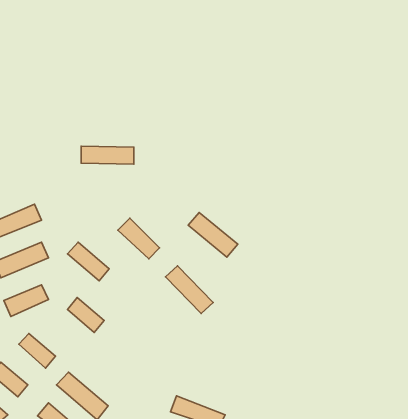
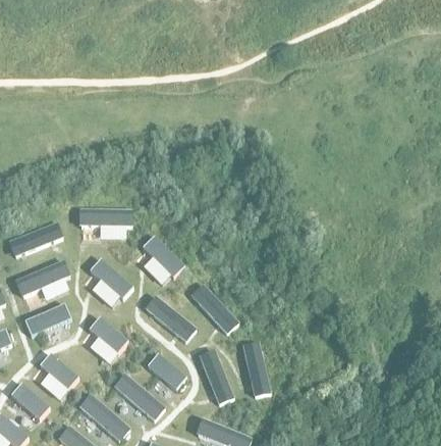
building: [81,146,134,164] -> [78,208,132,227]
building: [188,212,238,257] -> [145,295,196,341]
building: none -> [242,341,271,396]
building: none -> [199,349,234,405]
building: none -> [147,353,185,389]
building: none -> [115,373,166,419]

